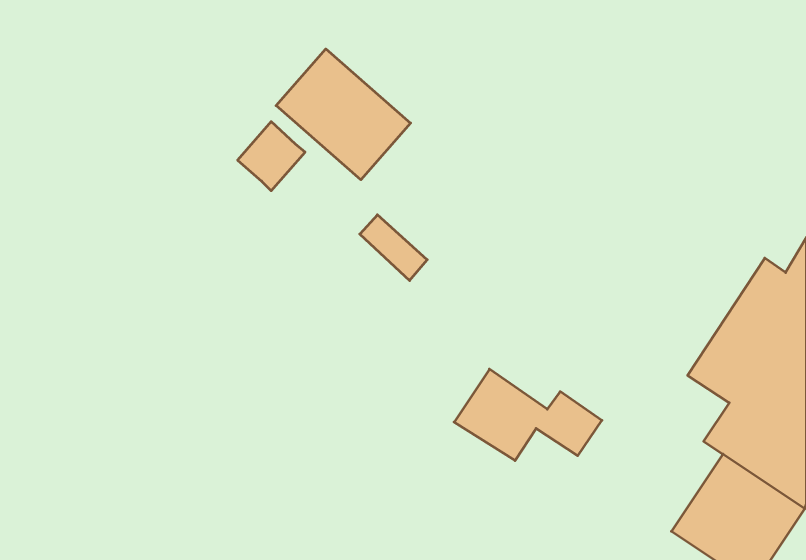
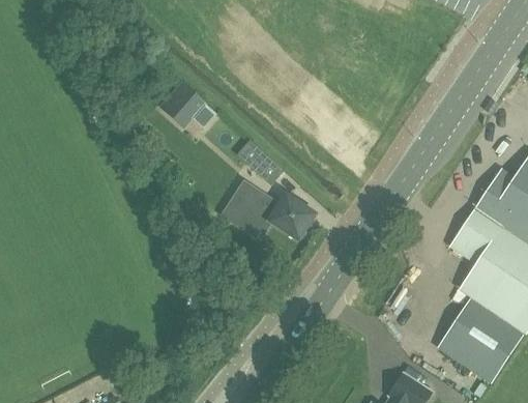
building: [276,49,411,180] -> none
building: [454,369,602,461] -> [218,182,314,241]

